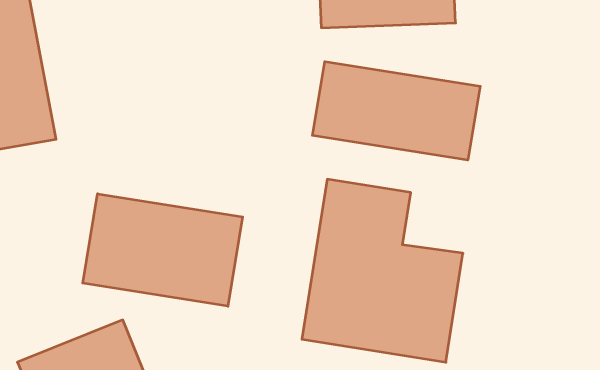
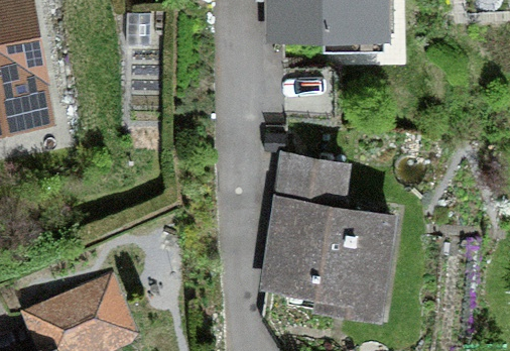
building: [312,62,480,160] -> none
building: [83,194,243,306] -> none

